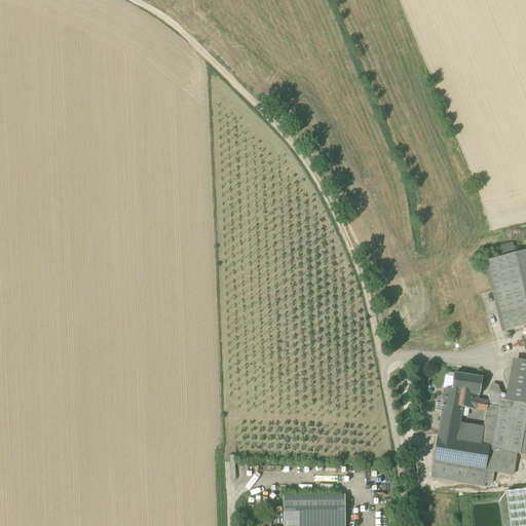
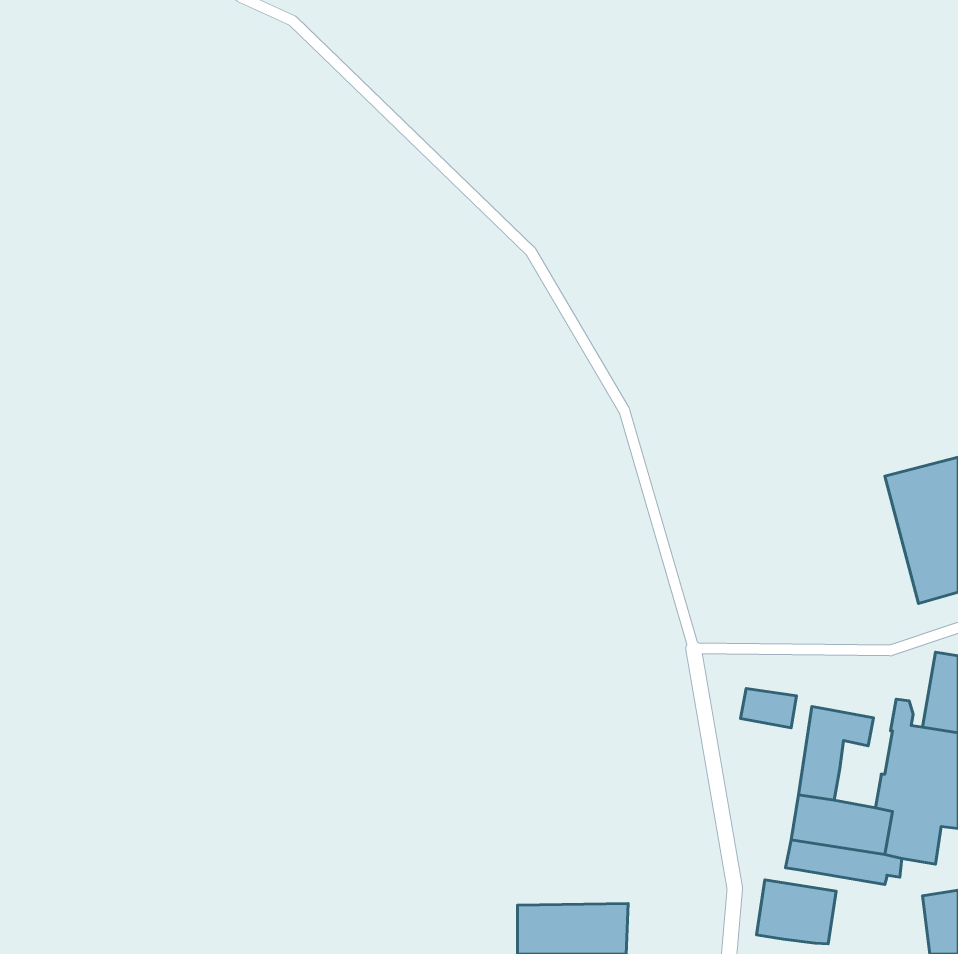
building: [451,372,482,393] -> [740,688,797,728]
building: [457,421,483,443] -> none
building: none -> [756,880,836,944]

